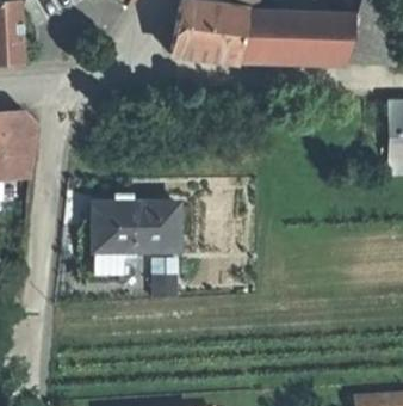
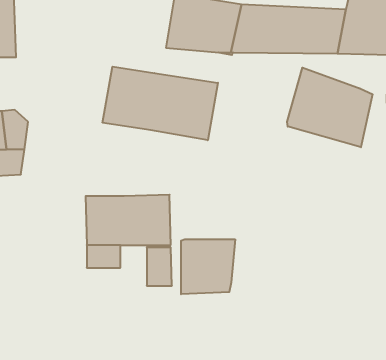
building: none -> [103,67,218,140]
building: none -> [287,68,373,147]
building: none -> [181,239,235,294]

